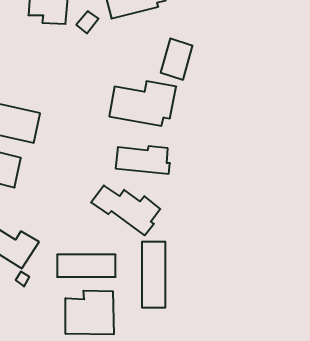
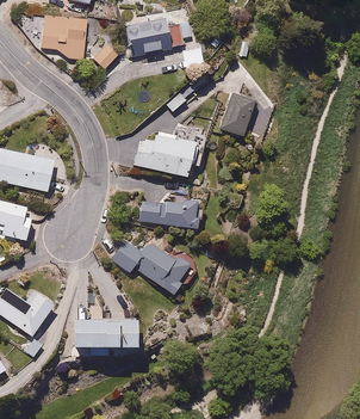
building: [161,38,193,80] -> [222,91,257,137]
building: [142,242,165,308] -> none
building: [66,291,114,334] -> none

